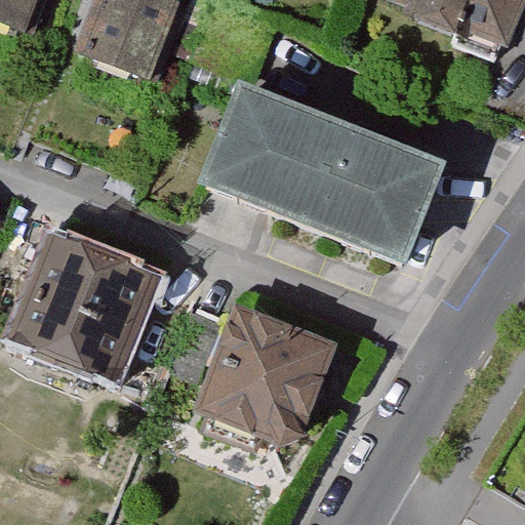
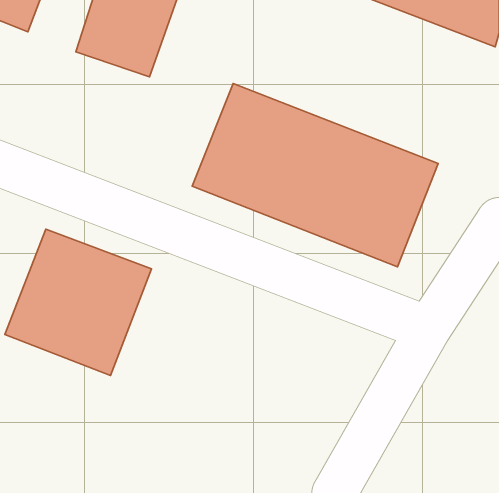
building: [192,306,339,455] -> none

